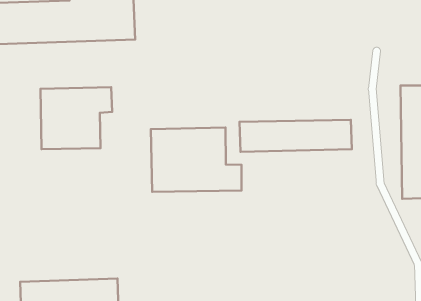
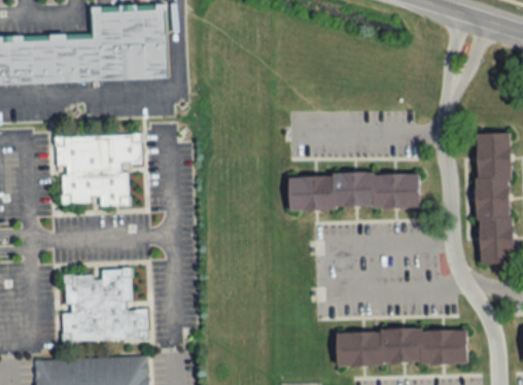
building: [151,127,242,192] -> none
building: none -> [62,270,148,342]
building: none -> [337,328,467,364]

